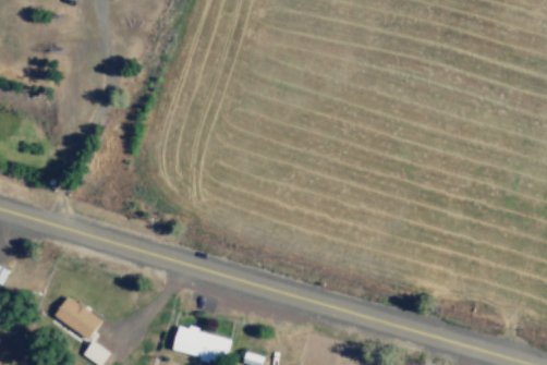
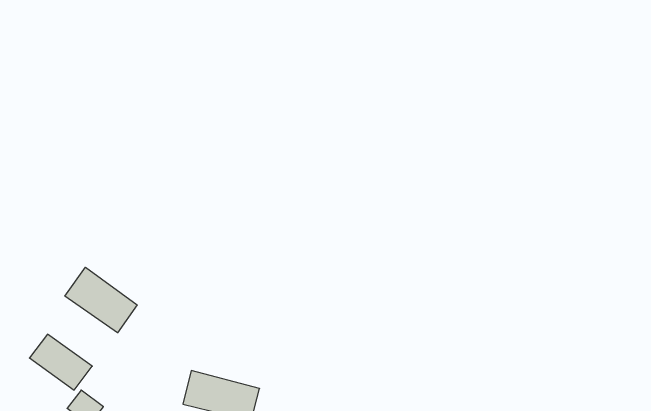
building: none -> [65,267,137,333]

